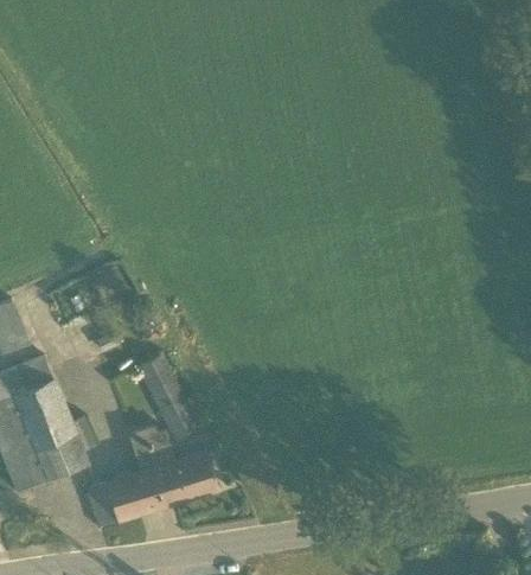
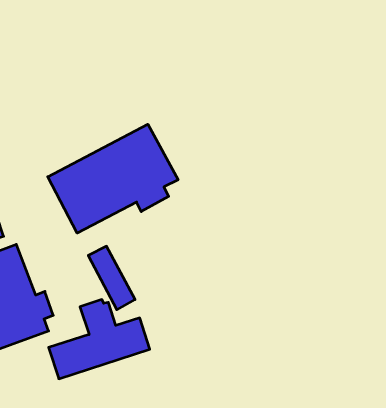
building: none -> [48,124,178,233]

